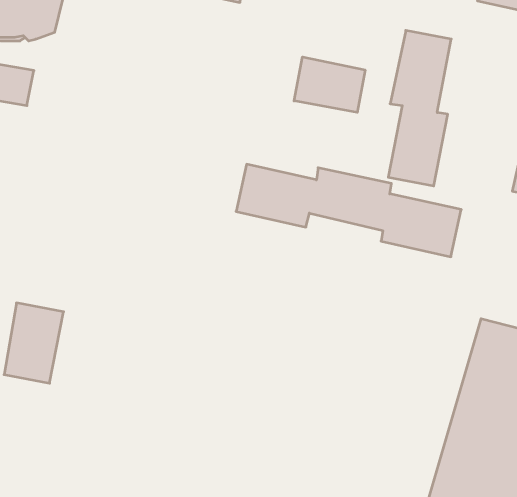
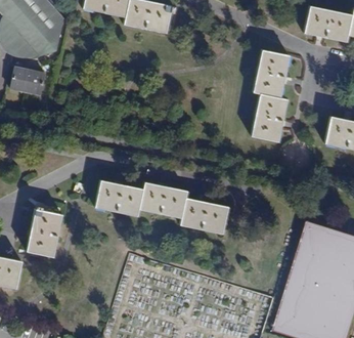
building: [294,57,365,112] -> none
building: [236,164,461,257] -> [95,179,227,234]

